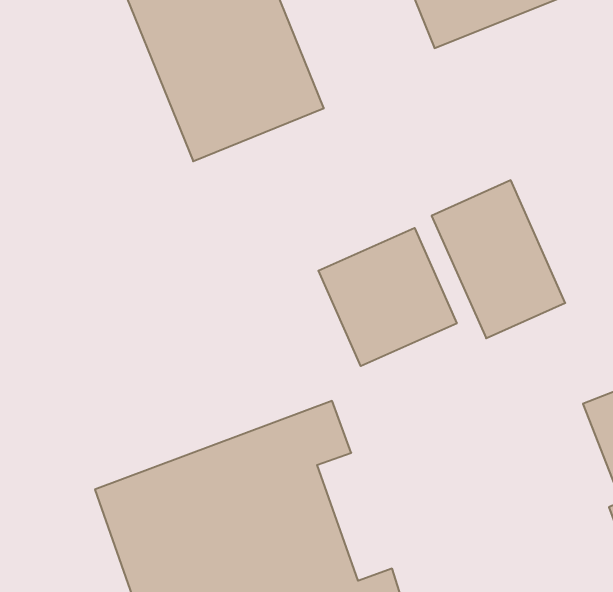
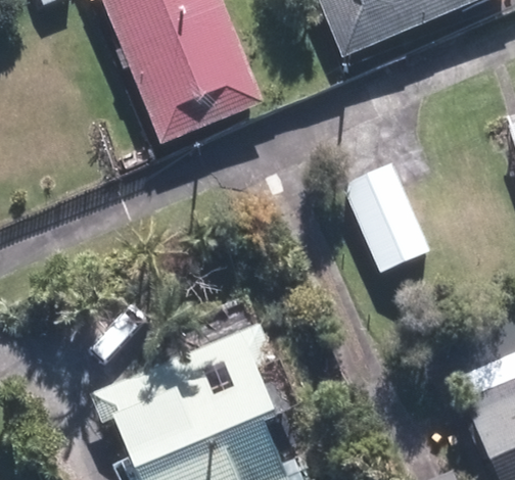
building: [318,228,457,366] -> none

